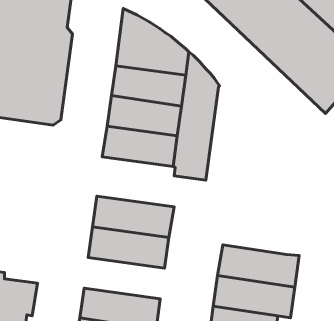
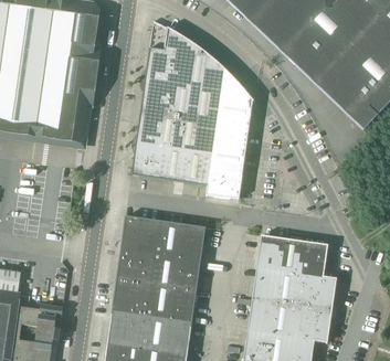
building: none -> [256,235,327,276]
building: none -> [112,279,196,322]

